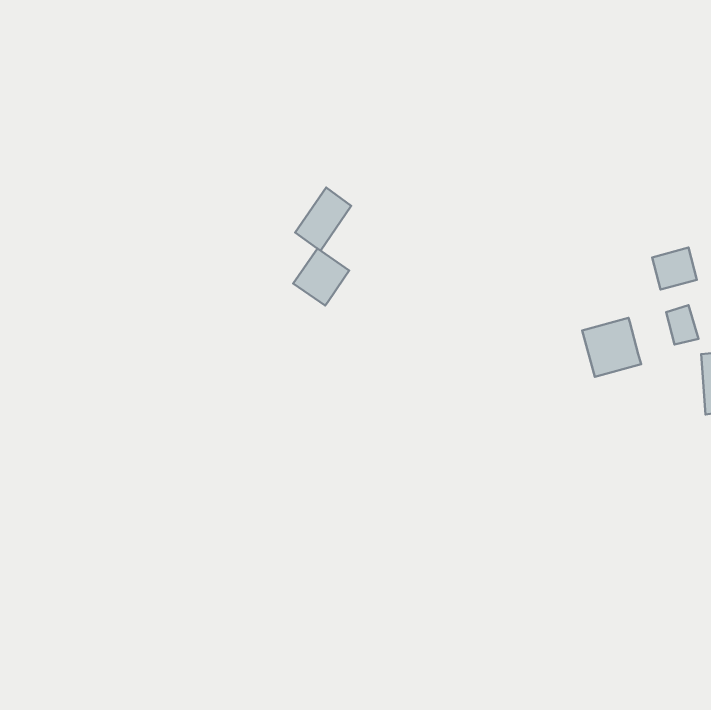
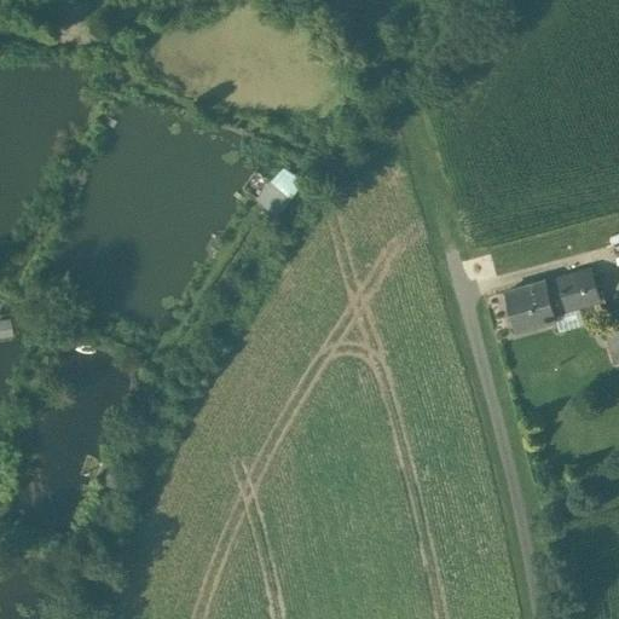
building: [652,248,697,290] -> [548,274,586,311]
building: [293,248,349,305] -> none

